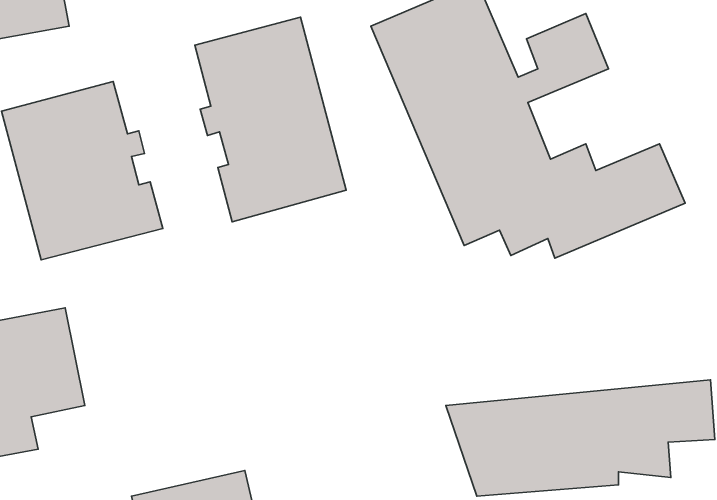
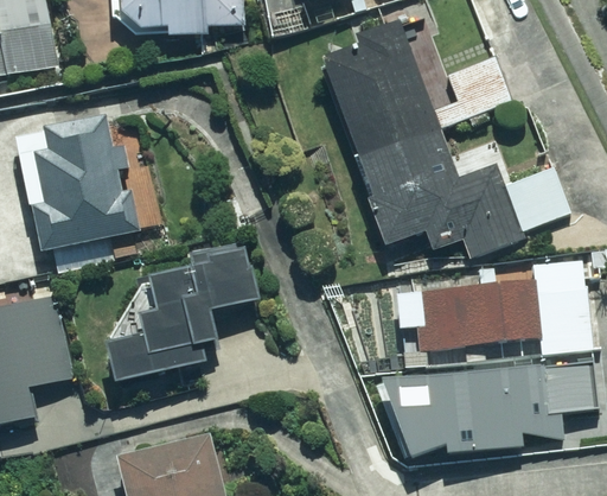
building: [195,17,346,222] -> none
building: none -> [96,243,260,386]
building: none -> [401,256,594,348]

